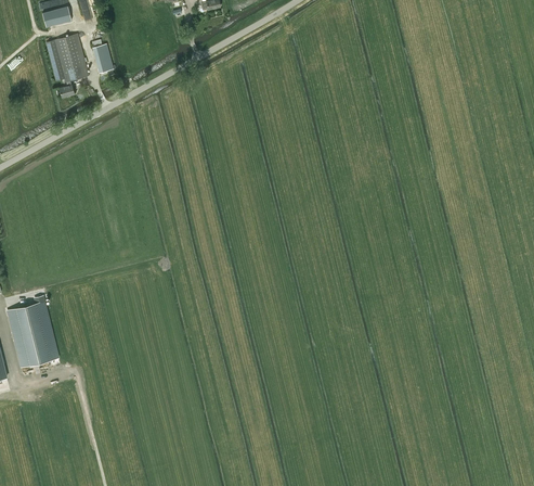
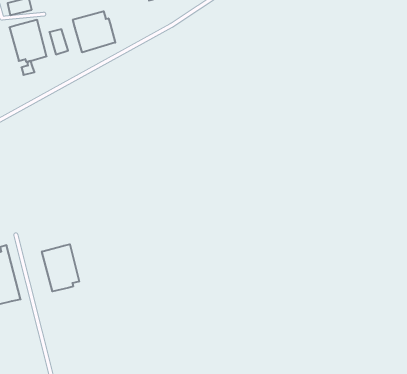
building: none -> [73,11,115,52]
building: none -> [42,244,79,291]

